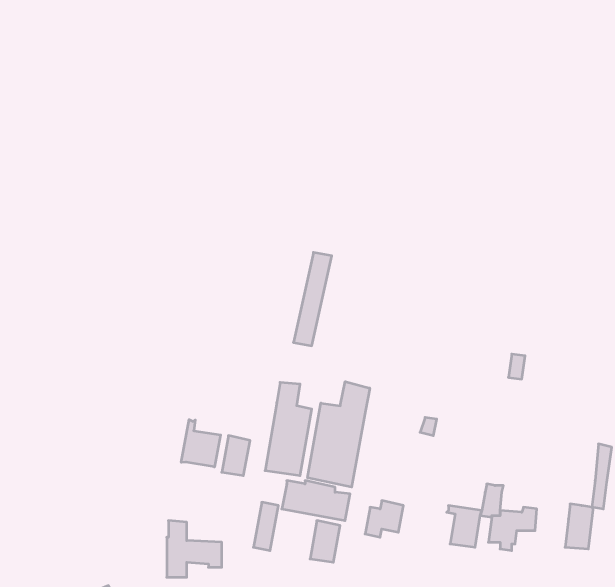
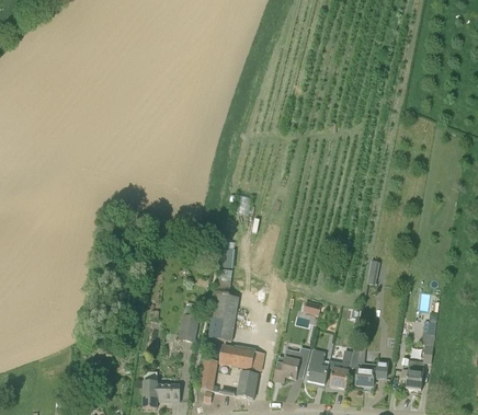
building: [308,382,370,487] -> none
building: [181,420,221,467] -> none
building: none -> [306,349,327,383]

